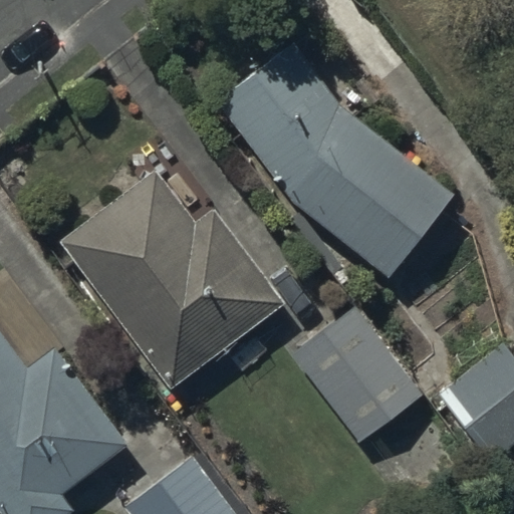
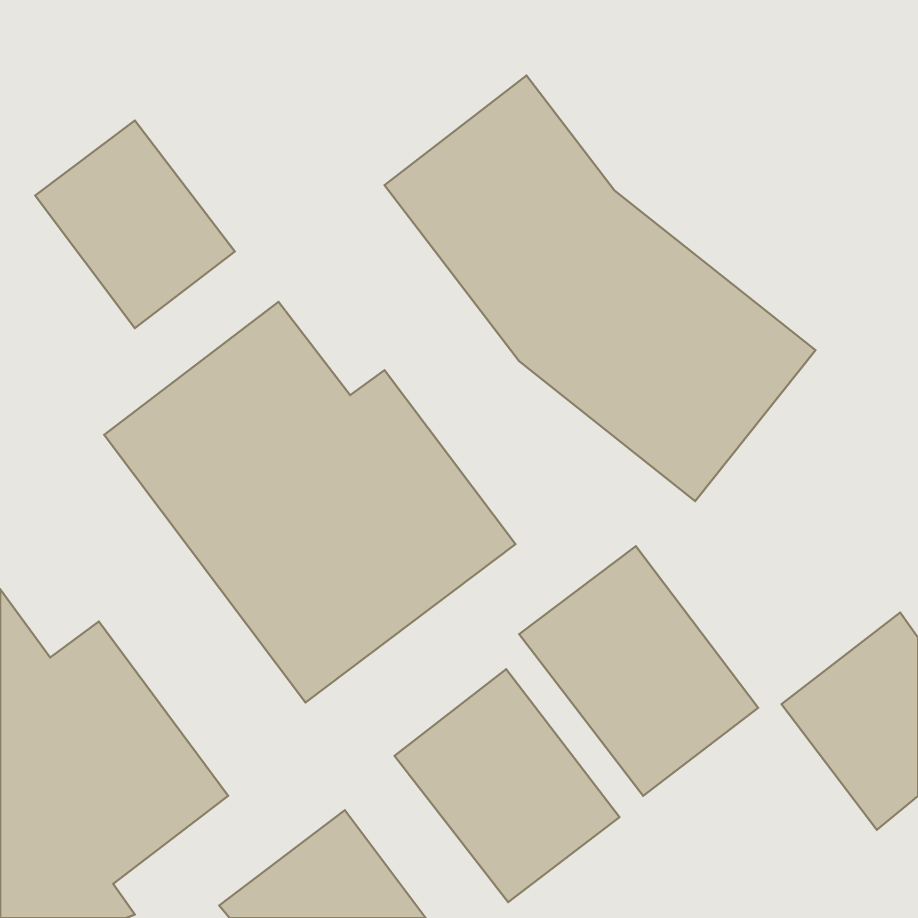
building: none -> [35,120,235,328]
building: none -> [395,669,619,902]

